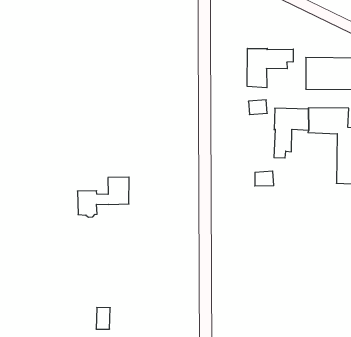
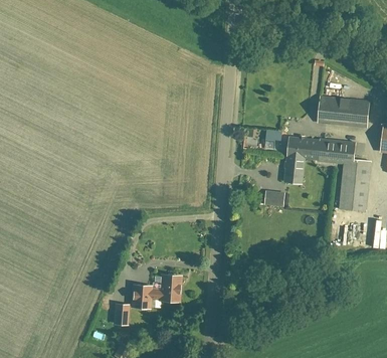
building: [247,48,293,88] -> none
building: [77,177,129,217] -> [132,275,180,309]

